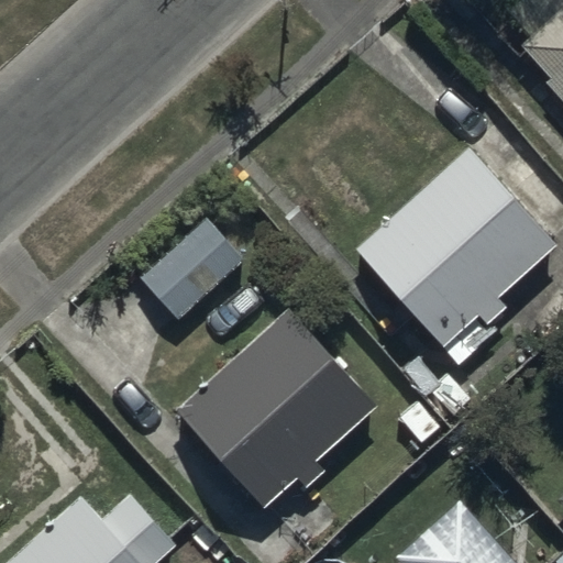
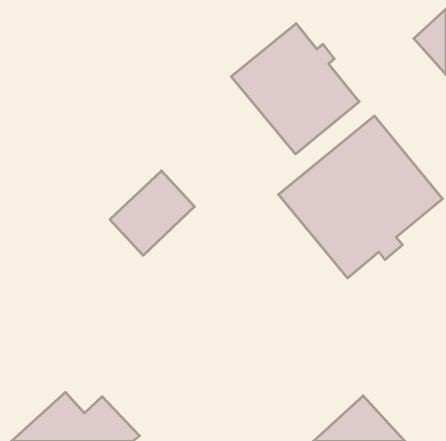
building: none -> [231,23,359,154]
building: [179,313,378,508] -> none

